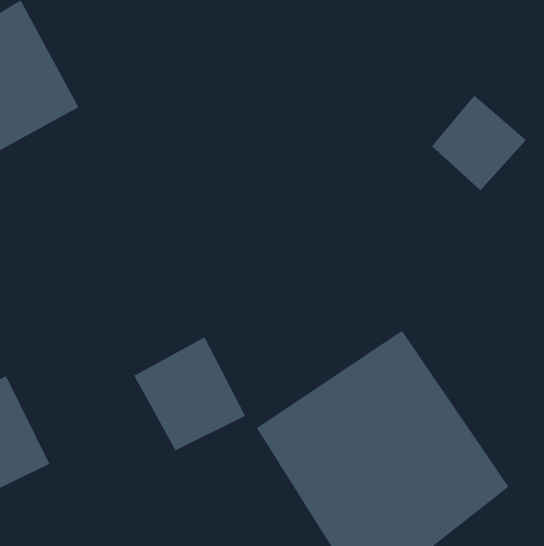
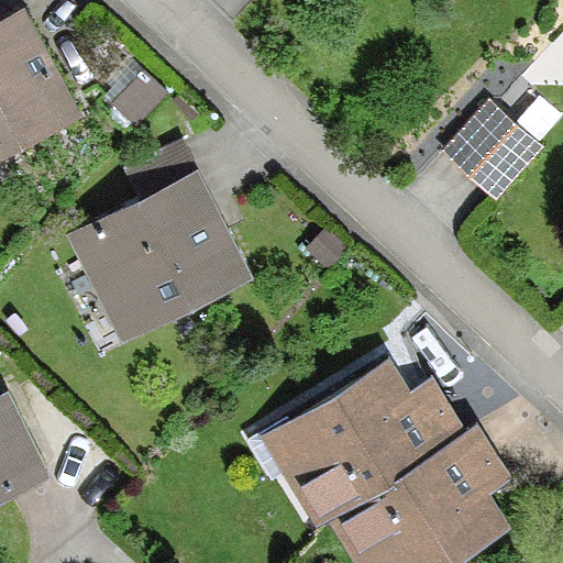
building: none -> [68,166,249,355]
building: [133,336,246,451] -> none

